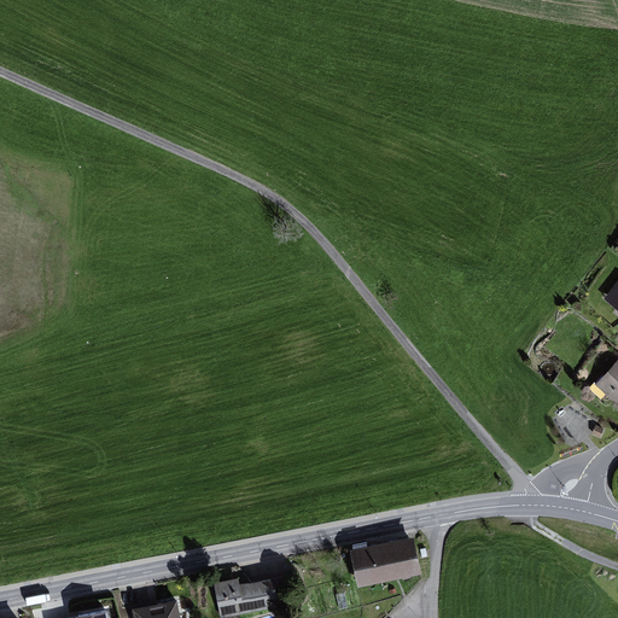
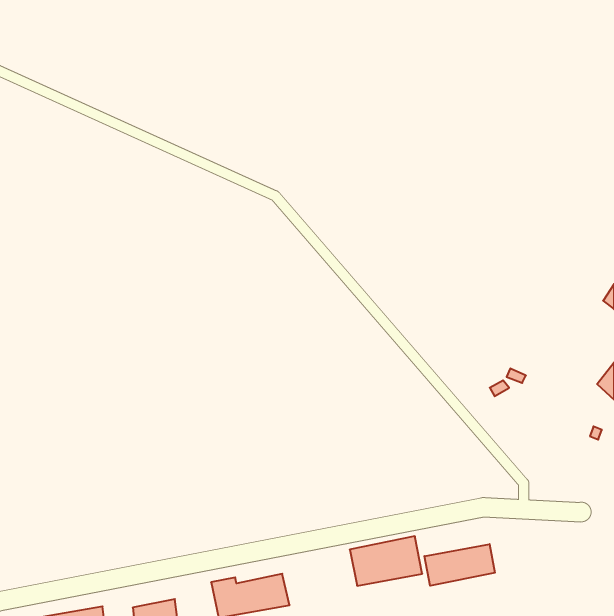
building: none -> [424,544,495,586]

